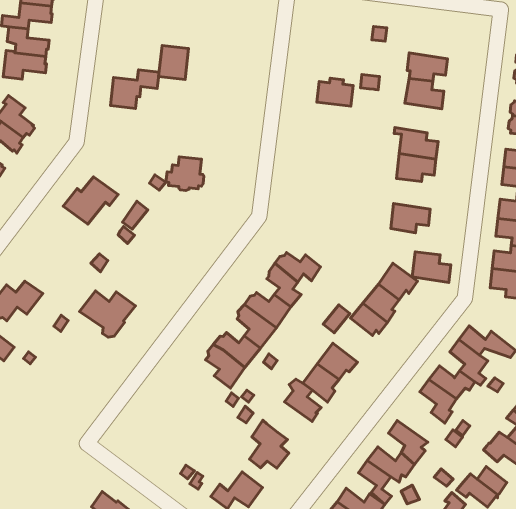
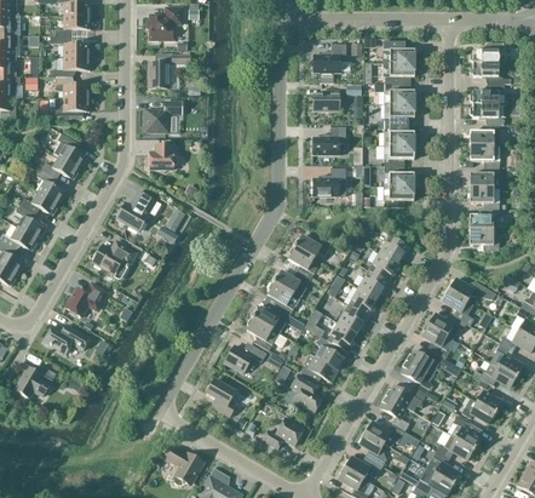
building: none -> [312,44,346,82]
building: none -> [382,41,414,63]
building: [159,45,189,79] -> [148,63,169,88]
building: none -> [378,103,414,125]
building: none -> [312,126,345,154]
building: [166,157,204,190] -> [146,144,177,171]
building: none -> [312,167,351,195]
building: [412,252,451,283] -> [384,165,414,187]
building: [80,291,136,337] -> [92,242,137,280]
building: none -> [347,282,379,317]
building: none -> [224,344,266,373]
building: none -> [299,354,338,382]
building: none -> [408,349,447,376]
building: none -> [206,379,236,416]

